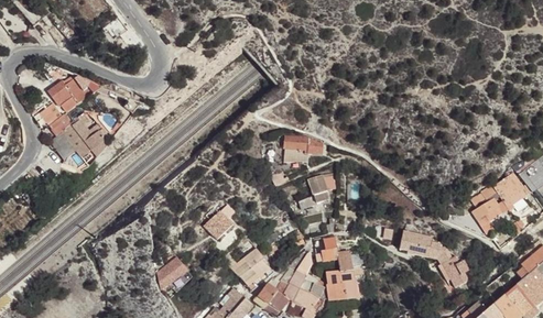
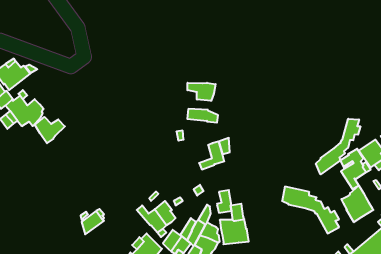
building: none -> [187,83,216,101]
building: none -> [35,117,65,143]
building: none -> [316,119,360,174]
building: [203,205,234,240] -> none
building: none -> [341,186,373,222]

